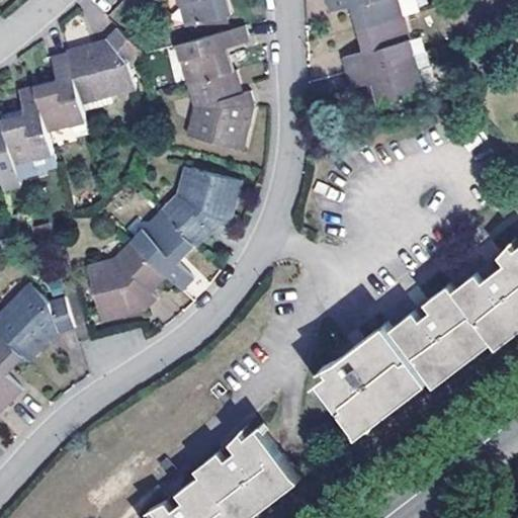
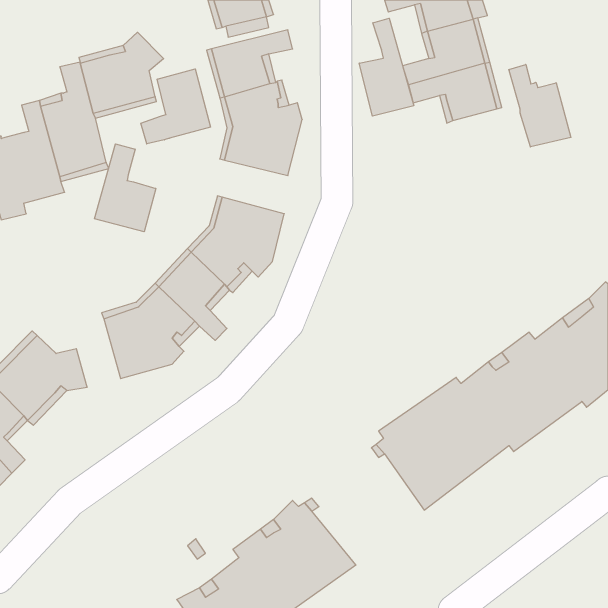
building: none -> [359,18,414,116]
building: none -> [509,64,571,147]
building: none -> [141,69,210,144]
building: none -> [95,144,156,232]

